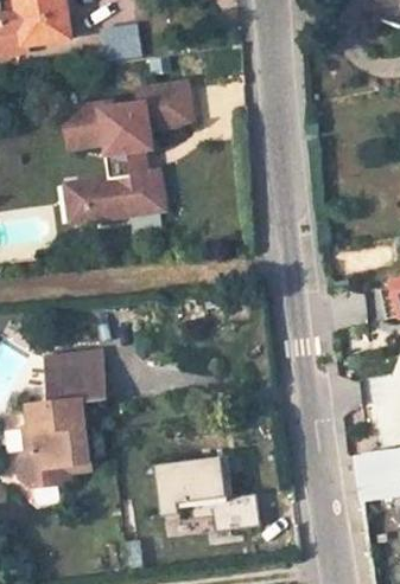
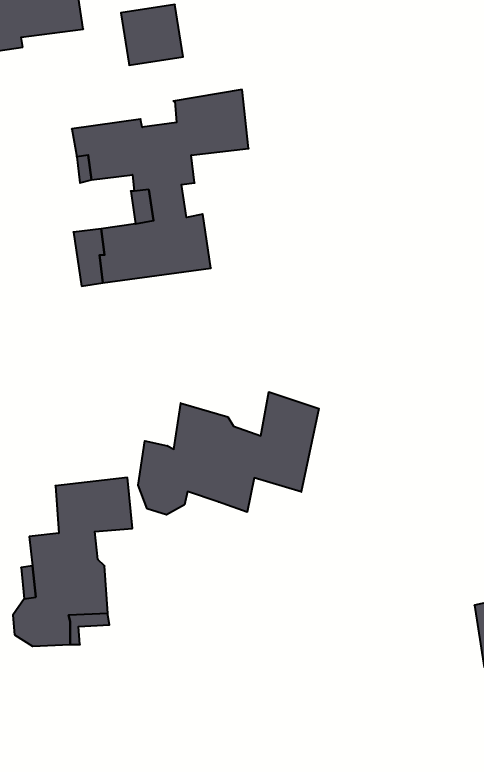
building: none -> [138,392,319,515]
building: [152,450,258,528] -> none

